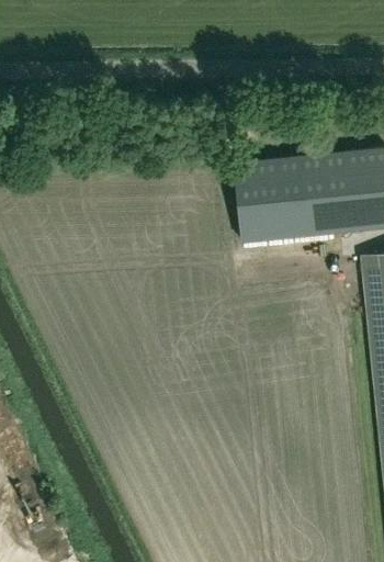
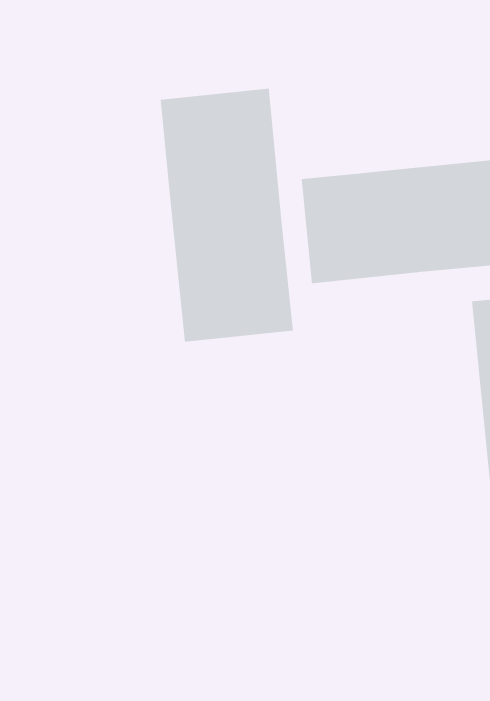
building: none -> [160,88,293,342]

